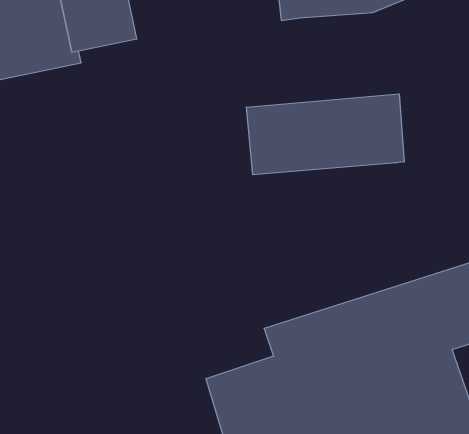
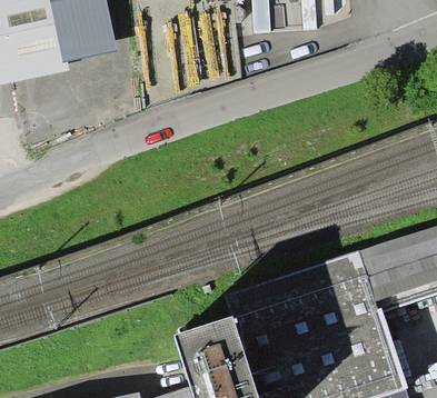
building: [247,94,404,175] -> none

